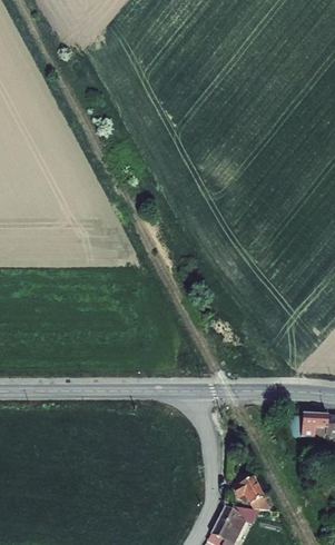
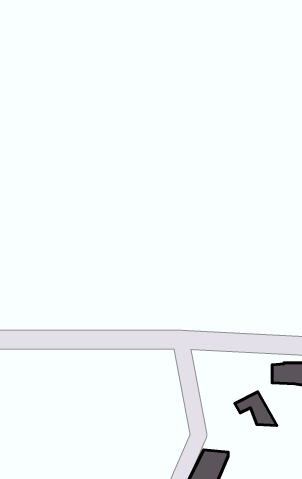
building: [229,475,274,511] -> [235,392,277,426]

